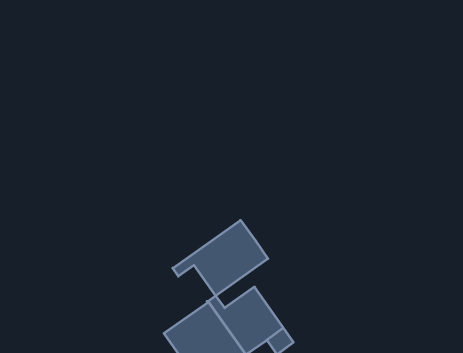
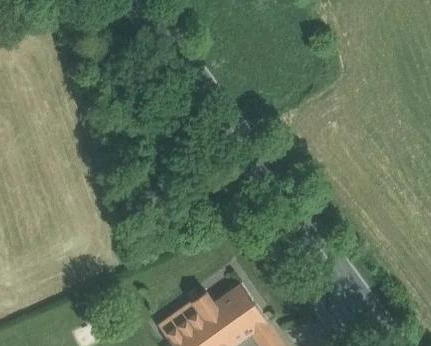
building: [173,220,268,296] -> none

